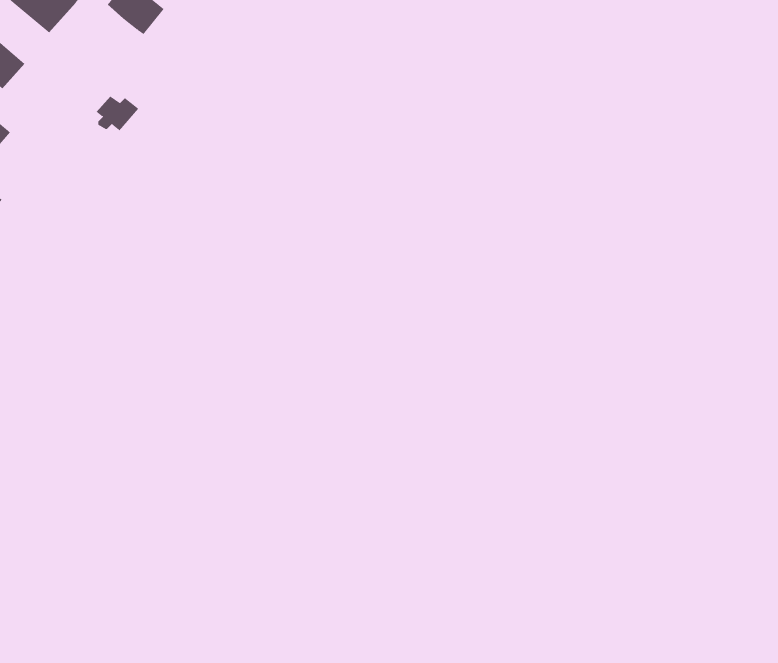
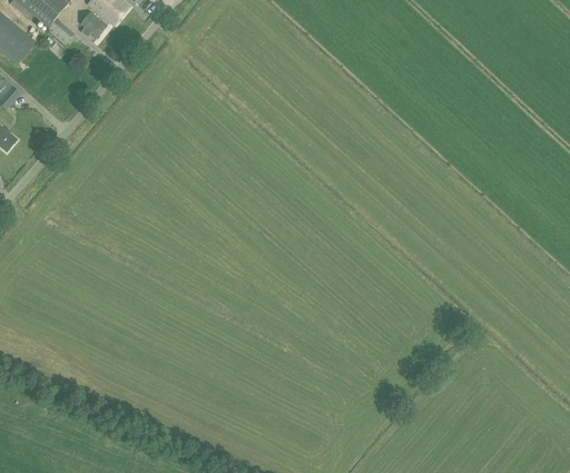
building: [96,96,139,131] -> [78,12,108,37]

